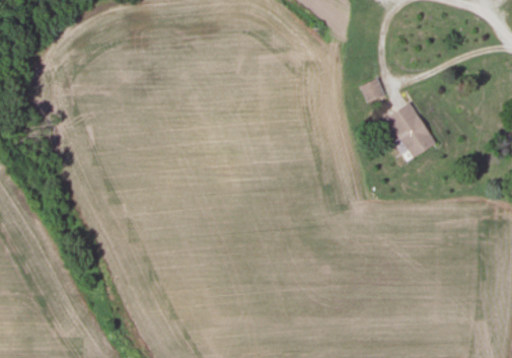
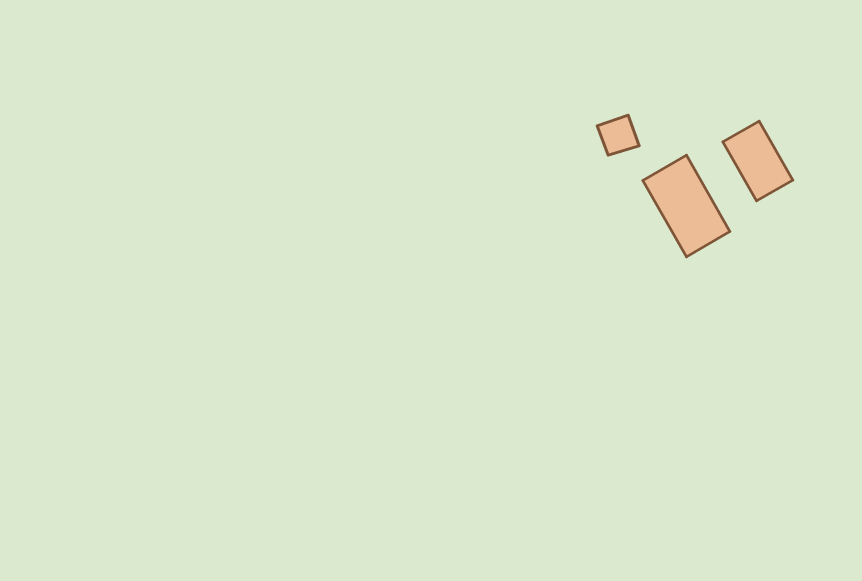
building: none -> [723,121,793,201]

